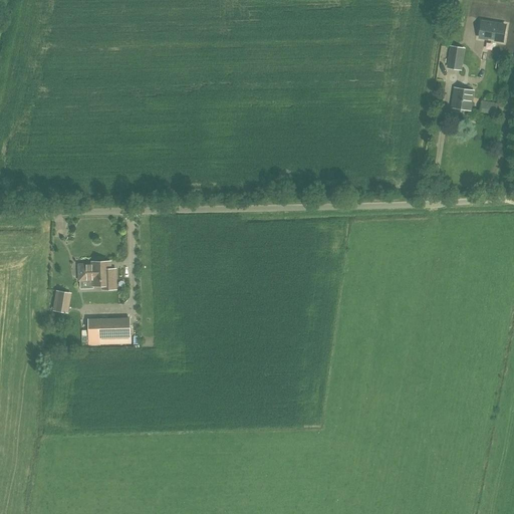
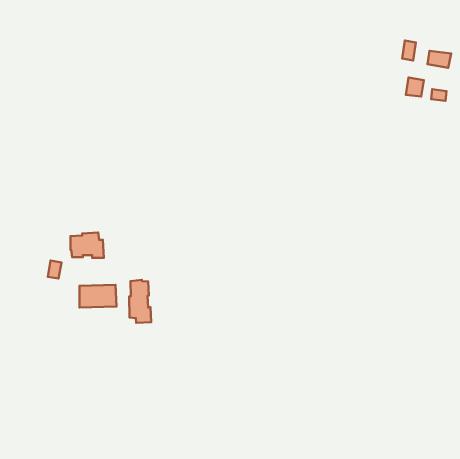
building: [479,20,505,39] -> [428,51,451,68]
building: none -> [129,280,151,323]

